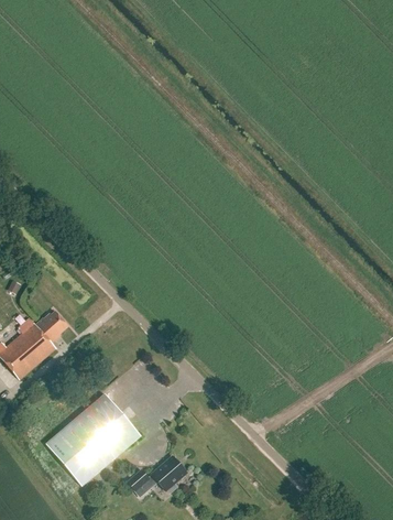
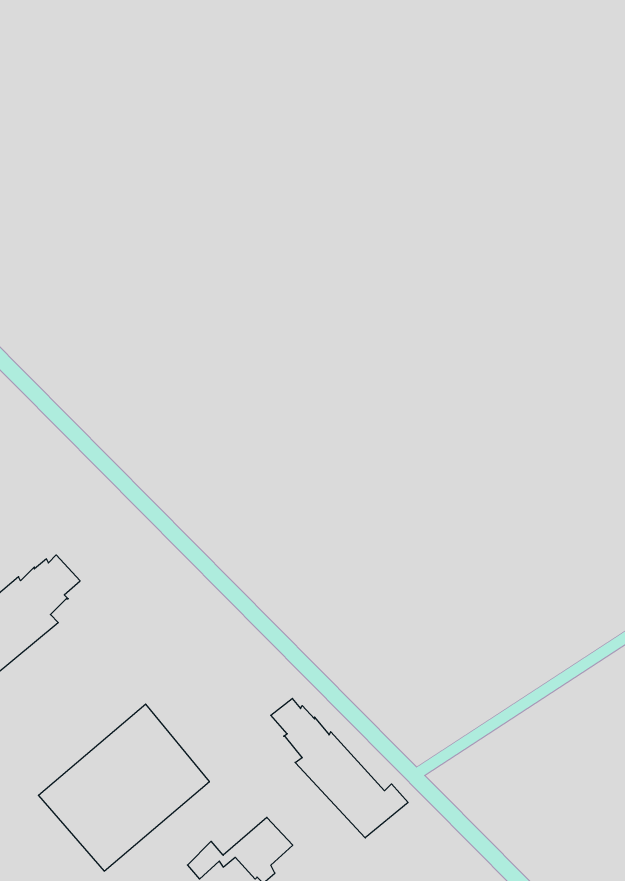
building: none -> [271,698,408,838]

